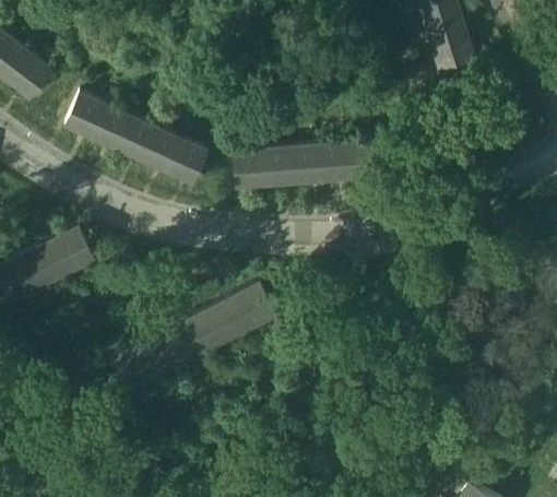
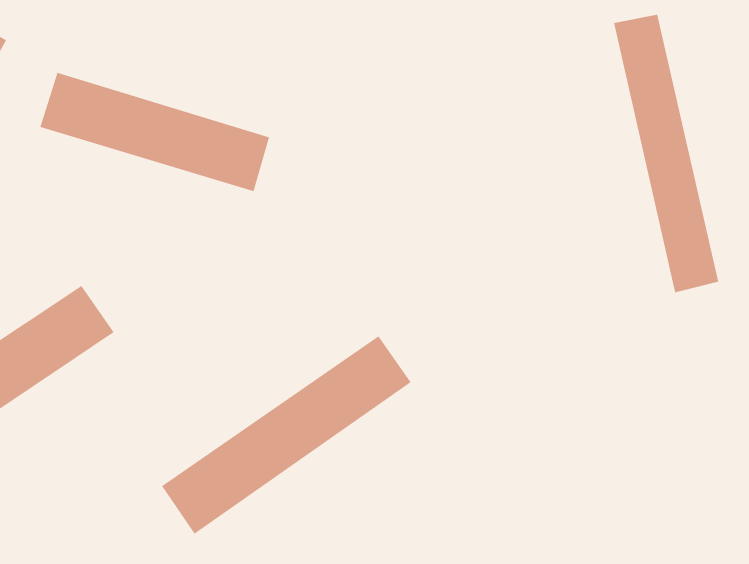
building: none -> [613,14,719,293]
building: [234,140,376,188] -> none

